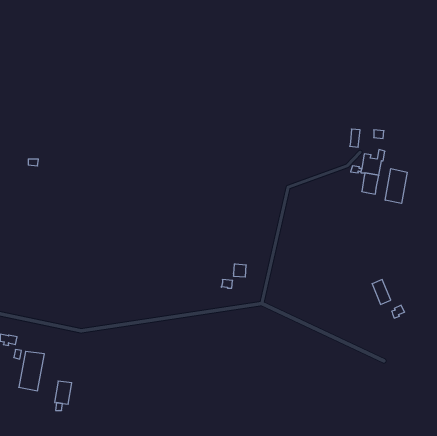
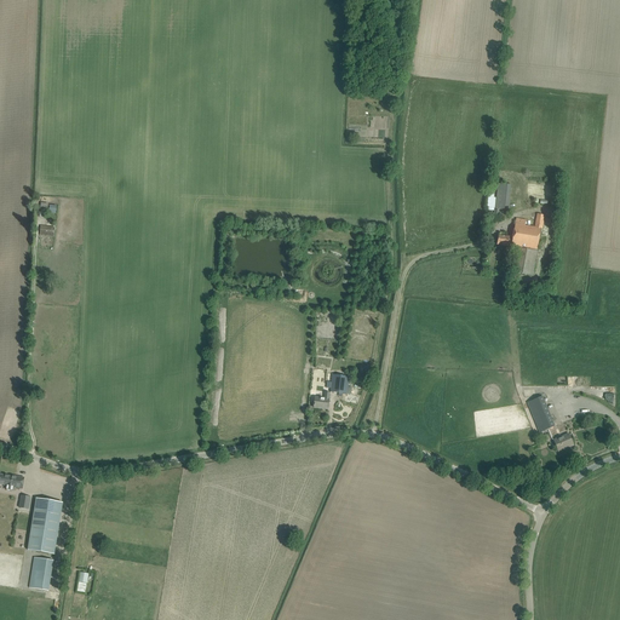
building: [385,169,407,203] -> none
building: [55,381,72,404] -> [29,557,53,590]

